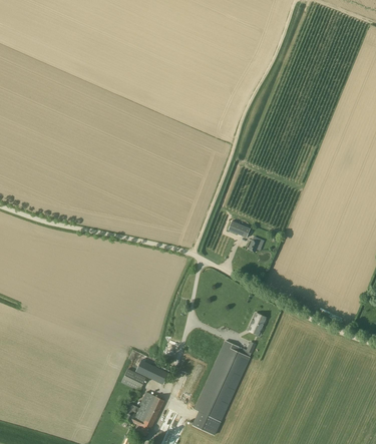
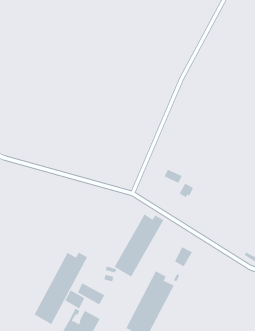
building: none -> [114,214,164,277]
building: none -> [34,252,88,325]

